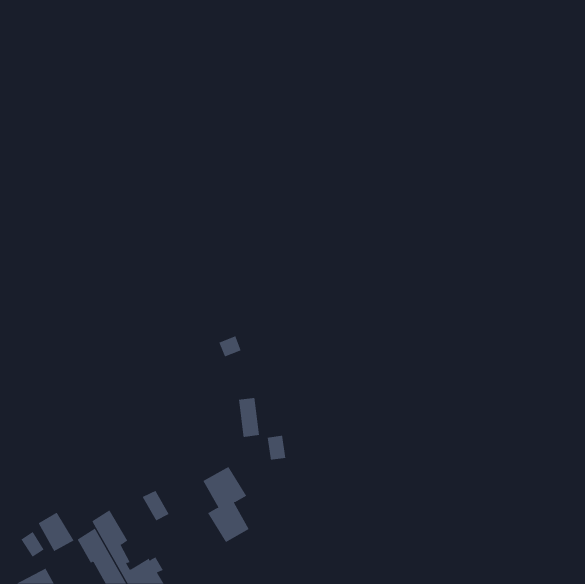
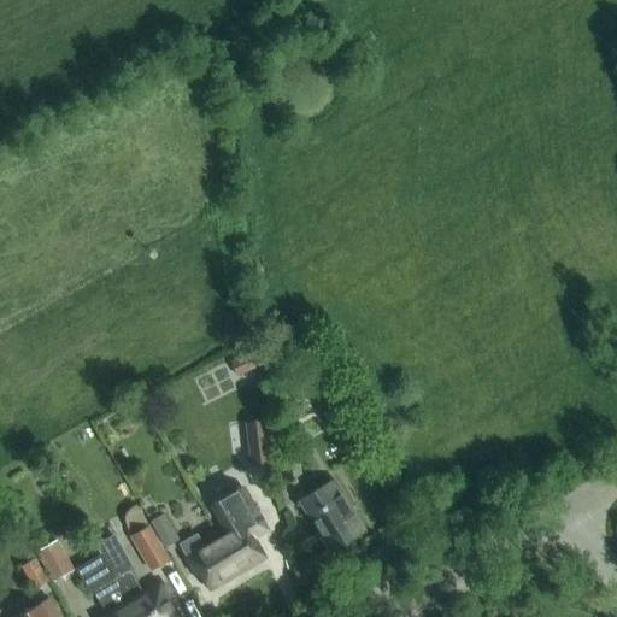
building: none -> [299,480,365,552]
building: none -> [130,527,170,572]
building: none -> [178,534,237,588]

